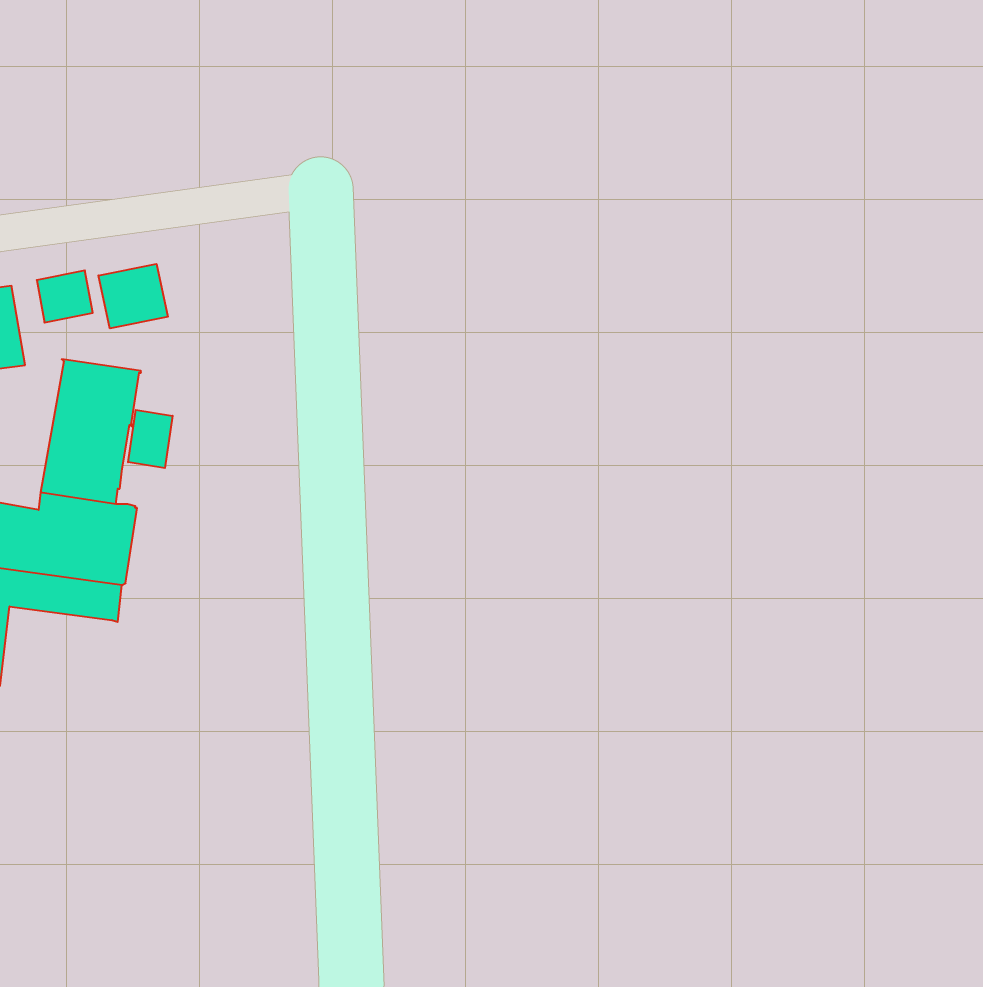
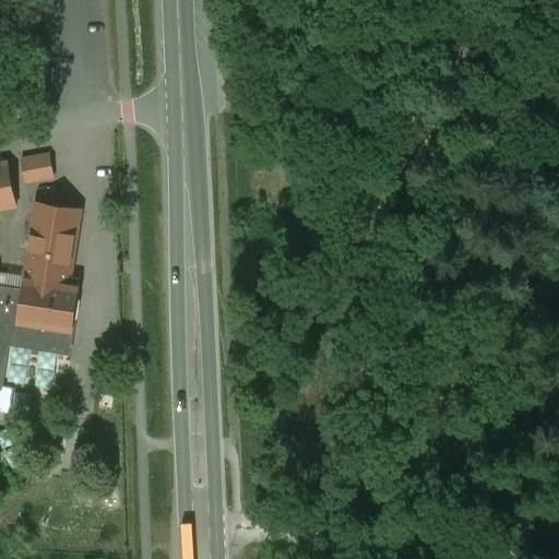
building: [98,264,168,328] -> none
building: [128,410,173,468] -> none

